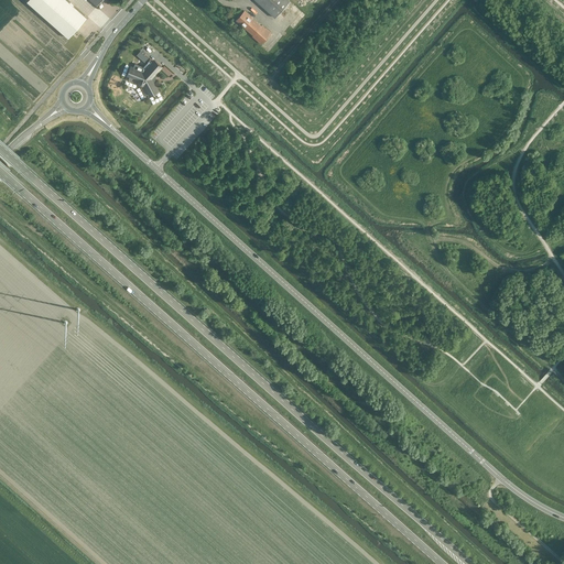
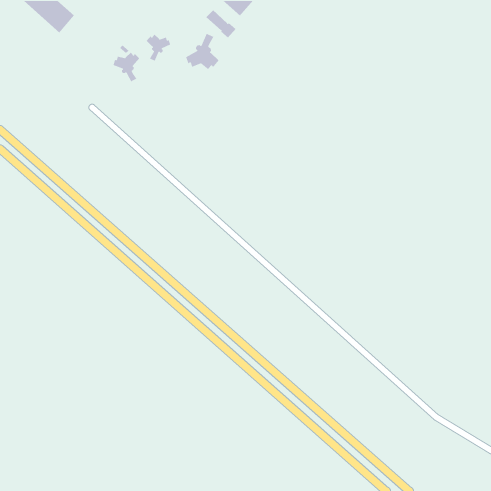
building: none -> [185,33,219,70]
building: none -> [146,34,171,62]

